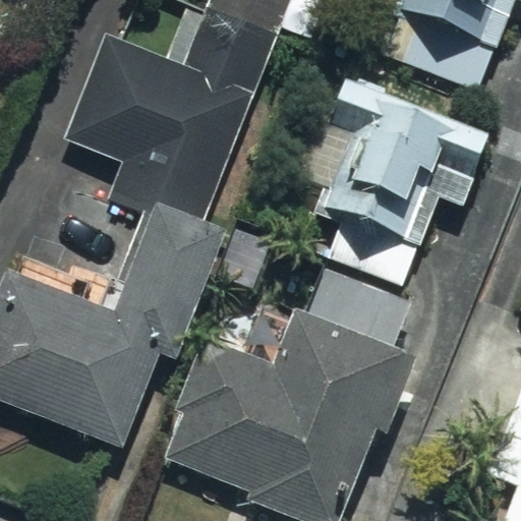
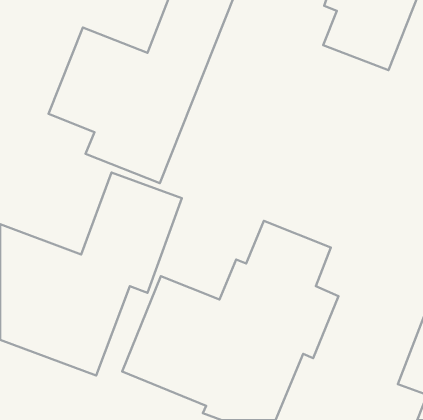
building: [321,72,491,280] -> none

